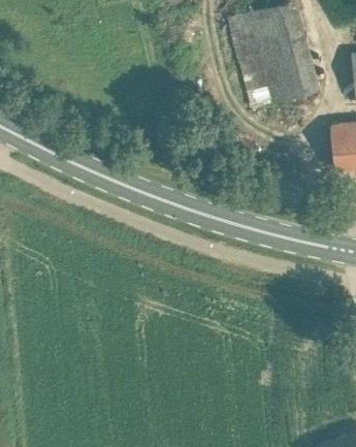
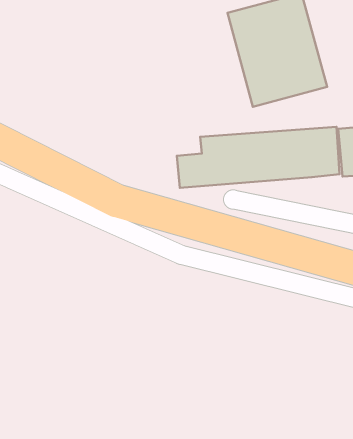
building: none -> [177,127,340,188]

